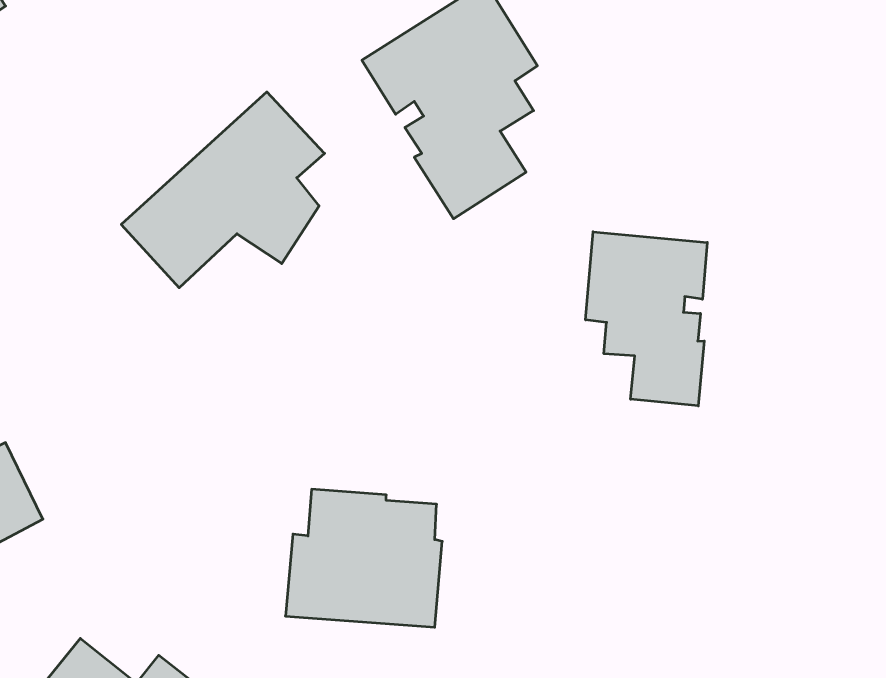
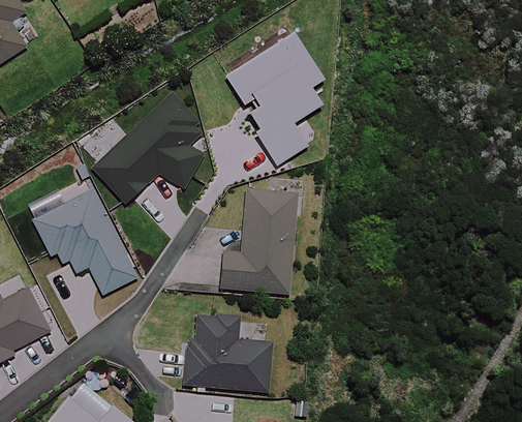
building: [586,232,707,406] -> none
building: none -> [33,189,136,293]
building: none -> [220,189,297,294]

